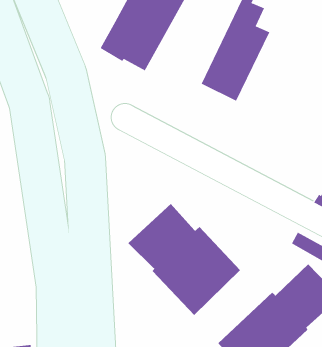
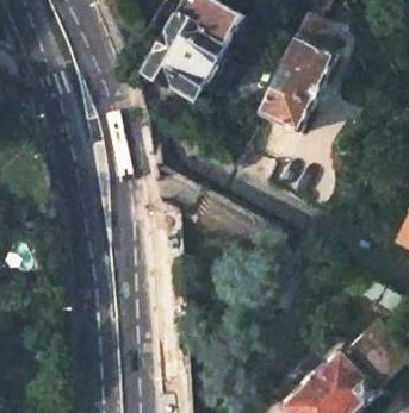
building: [128,203,241,316] -> none

